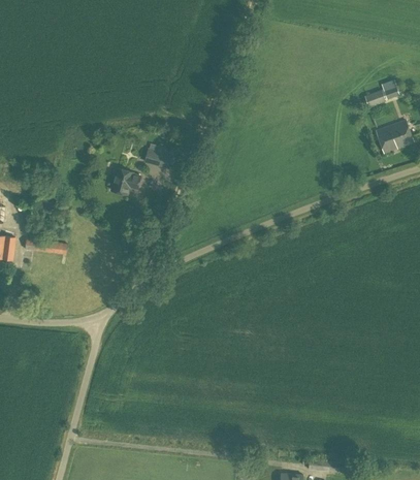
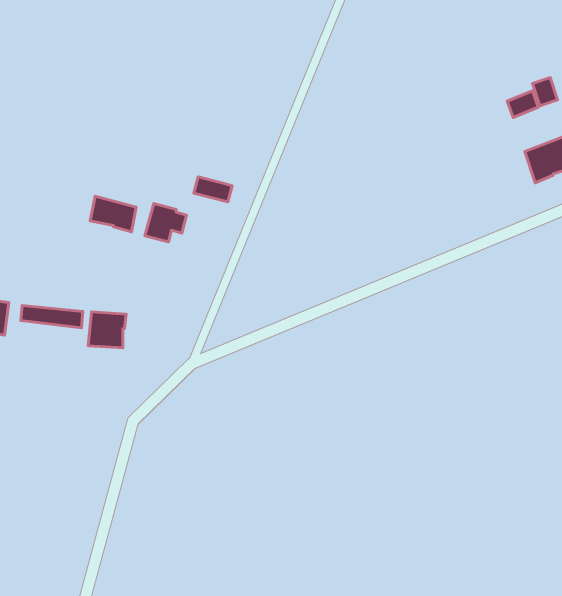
building: none -> [90,196,136,232]
building: none -> [88,312,126,348]

